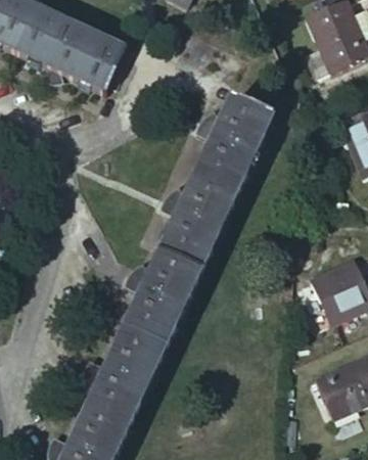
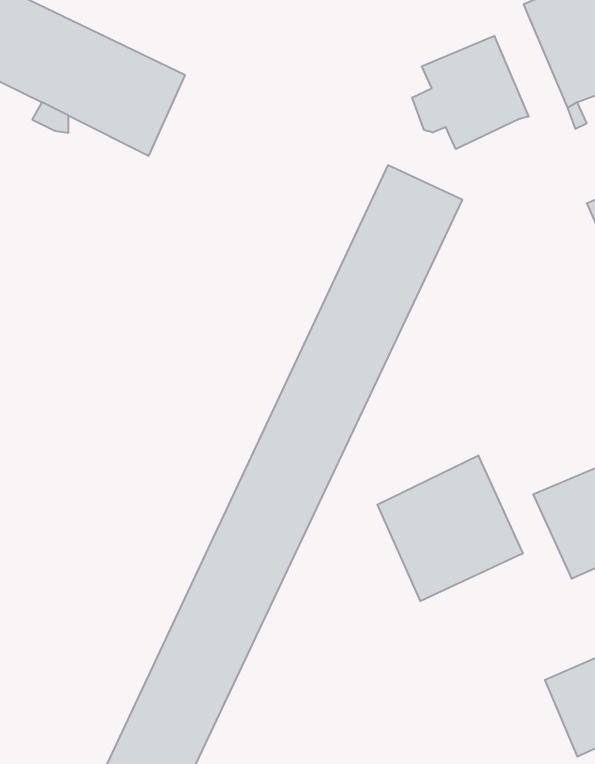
building: none -> [412,36,529,149]
building: none -> [377,455,523,601]

